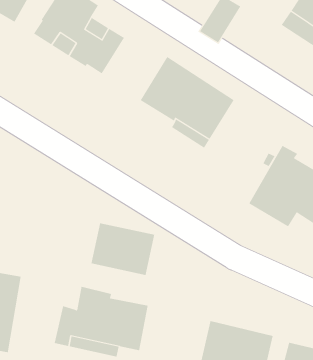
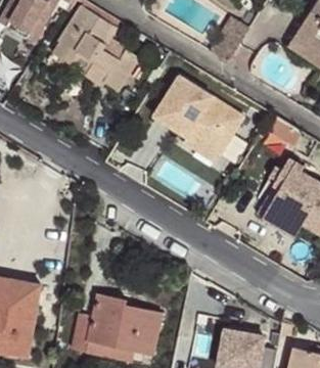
building: [91,222,155,276] -> none

